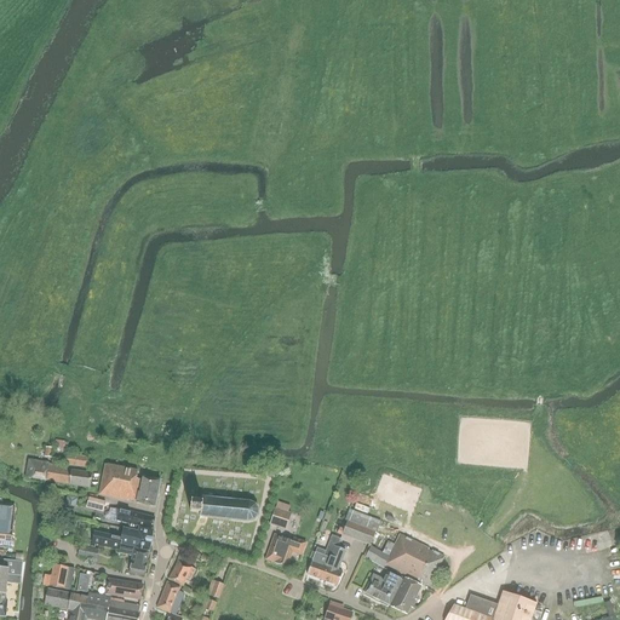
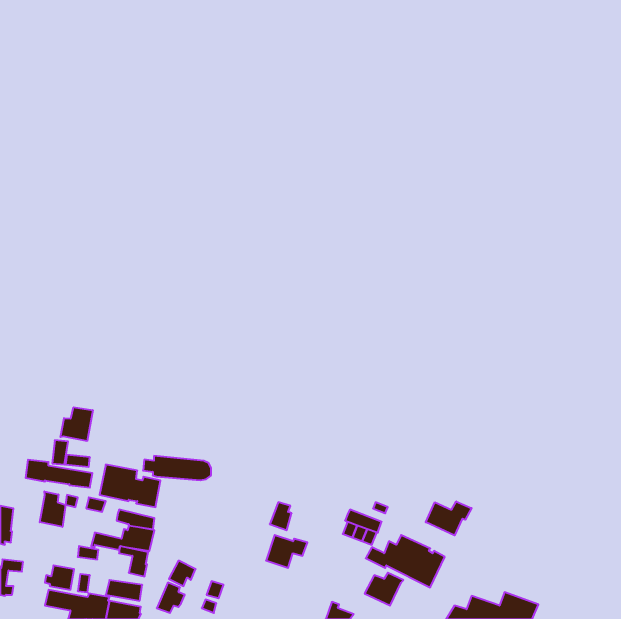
building: none -> [60,407,93,441]
building: none -> [40,491,66,527]
building: [190,495,258,519] -> [143,456,211,480]
building: none -> [426,501,472,535]
building: [306,544,345,584] -> none
building: [390,576,420,612] -> none

